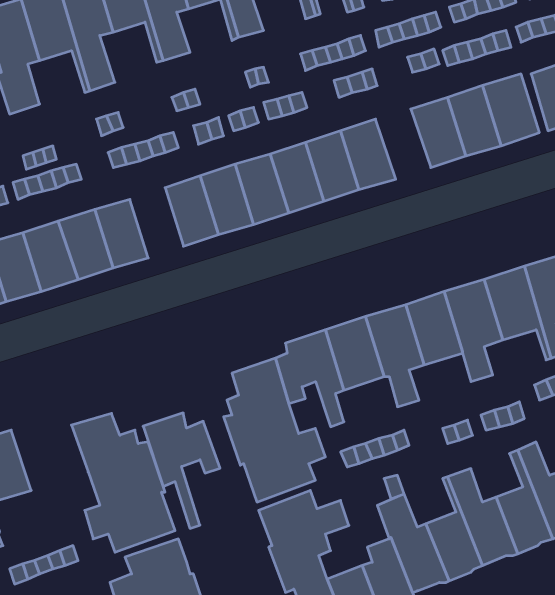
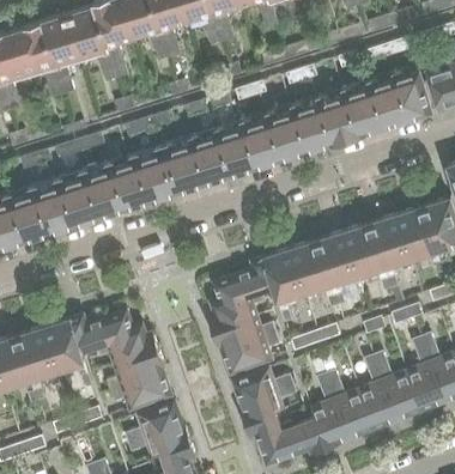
building: none -> [315,95,354,145]
building: none -> [139,151,177,201]
building: [143,413,220,528] -> [54,315,109,397]

